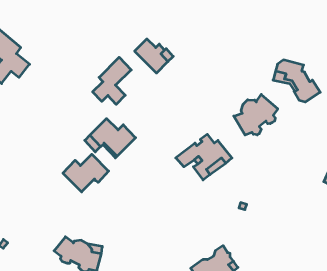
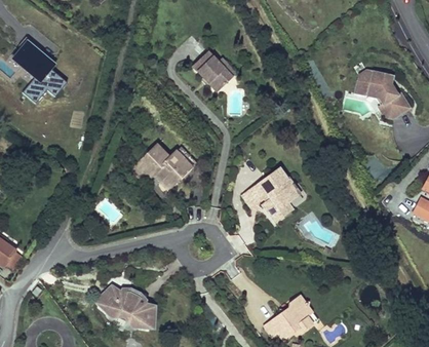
building: [93,57,131,104] -> none
building: [234,94,278,135] -> none
building: [63,154,109,192] -> none

